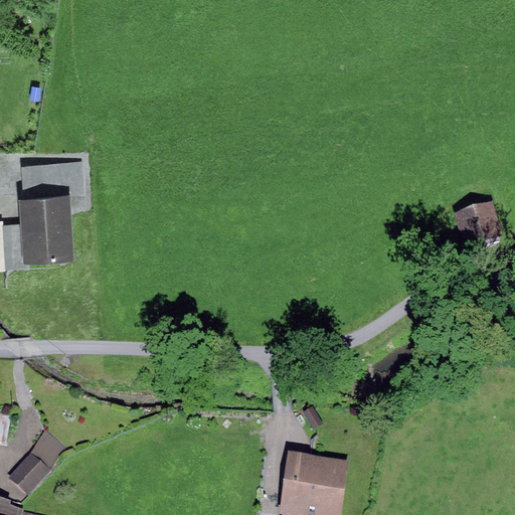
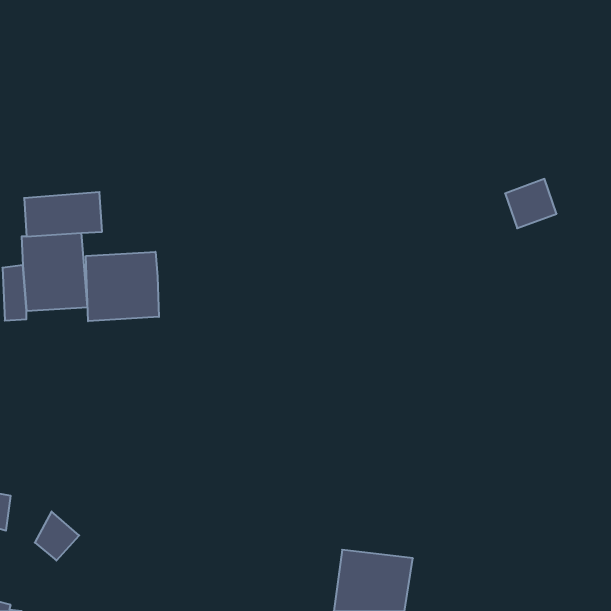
building: [456,208,499,249] -> [505,179,557,228]
building: none -> [86,252,159,321]
building: [7,455,48,498] -> none

